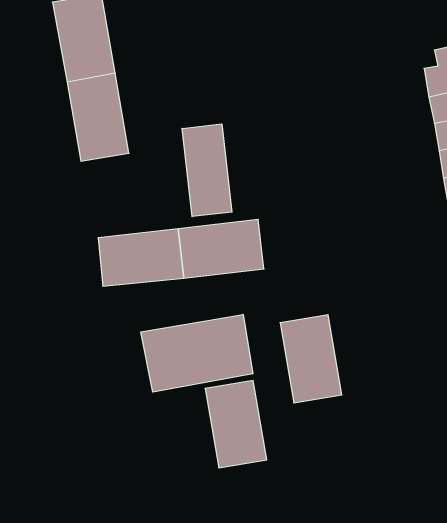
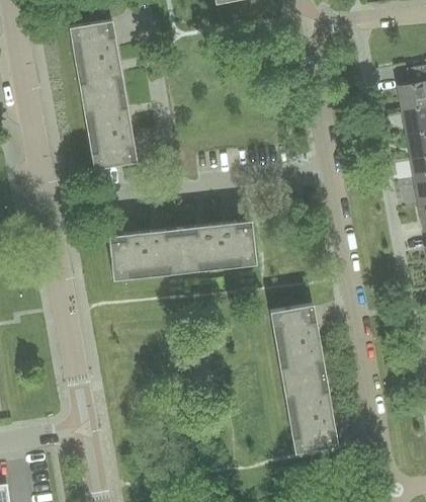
building: [182,124,232,217] -> none
building: [141,314,253,392] -> none
building: [205,381,267,468] -> [281,375,336,452]

